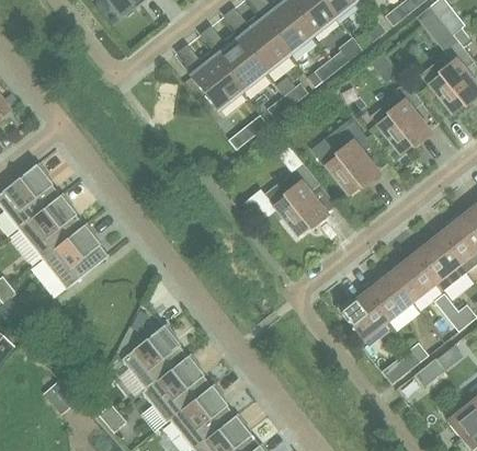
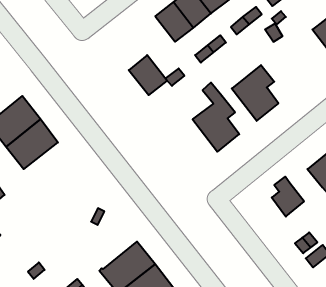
building: [190,57,240,109] -> [129,55,167,95]
building: [370,81,429,153] -> none
building: [41,223,109,289] -> none
building: [391,258,434,301] -> none
building: [336,296,386,340] -> none
building: [121,323,190,390] -> none

